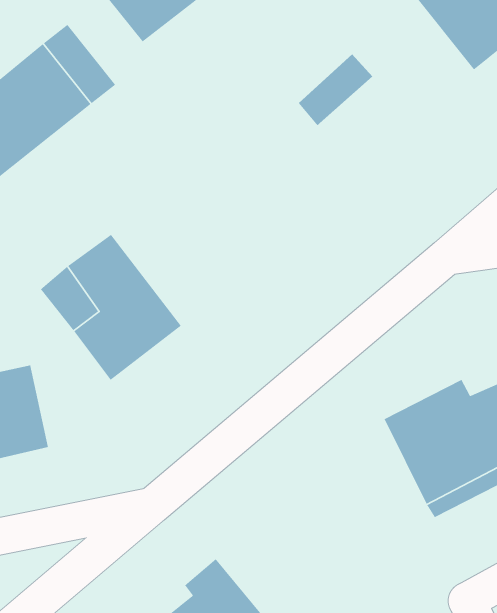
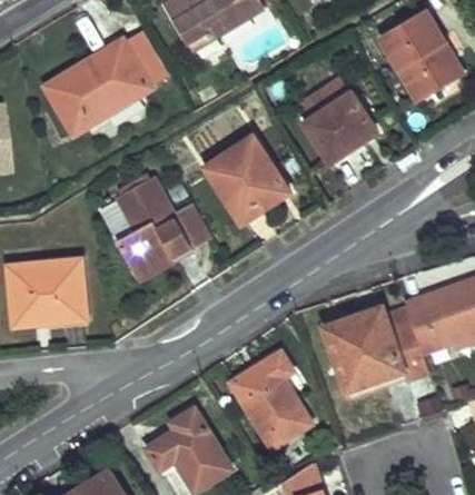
building: none -> [304,90,374,157]
building: none -> [206,133,290,219]
building: none -> [171,197,210,245]
building: none -> [227,353,310,451]

